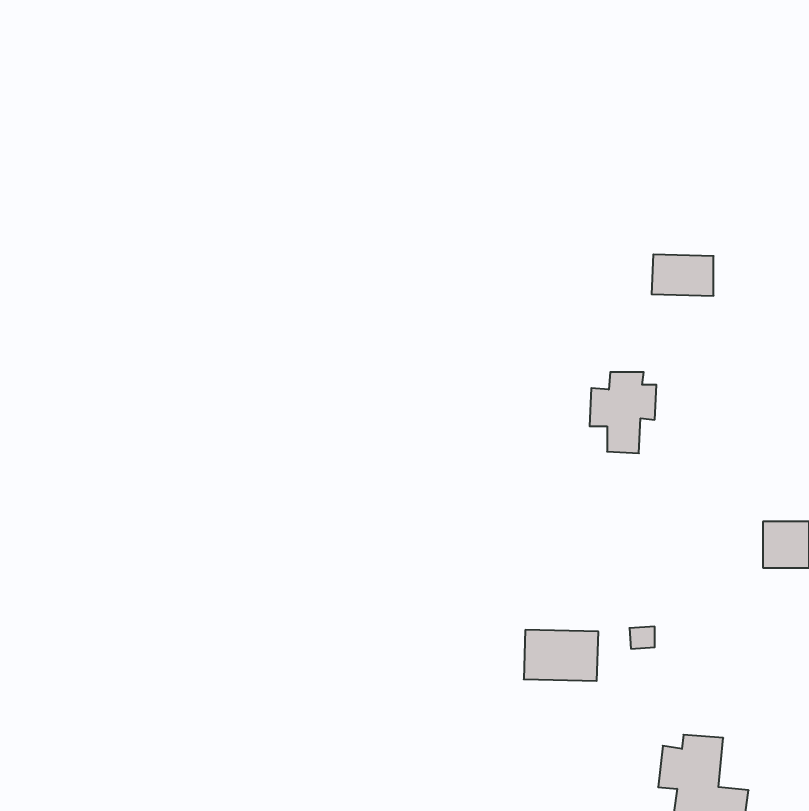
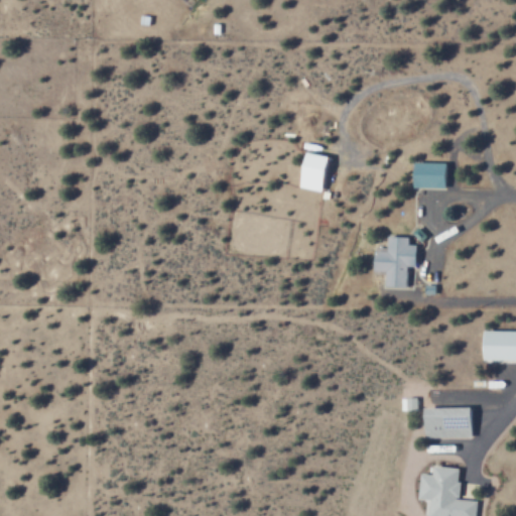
building: none -> [301,153,329,191]
building: [524,630,598,681] -> [424,407,472,439]

